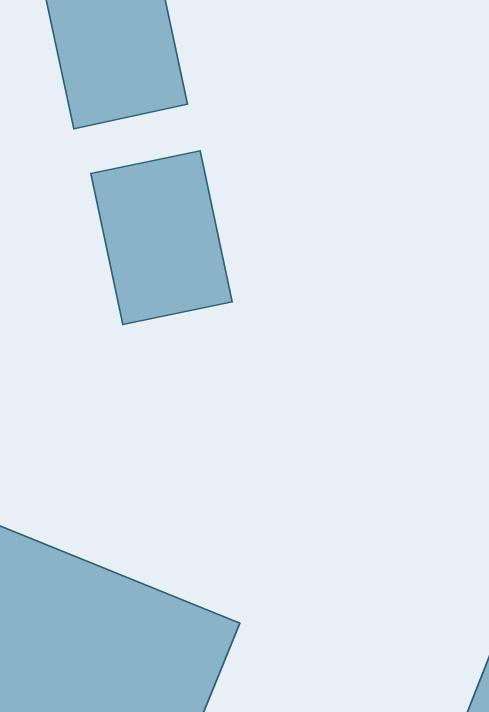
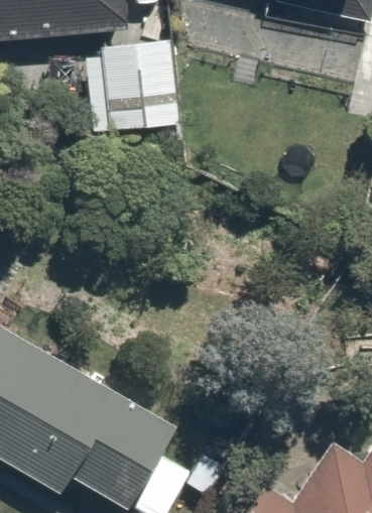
building: [91,151,232,324] -> none

